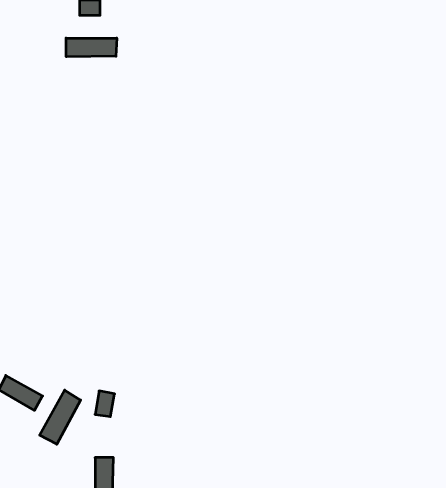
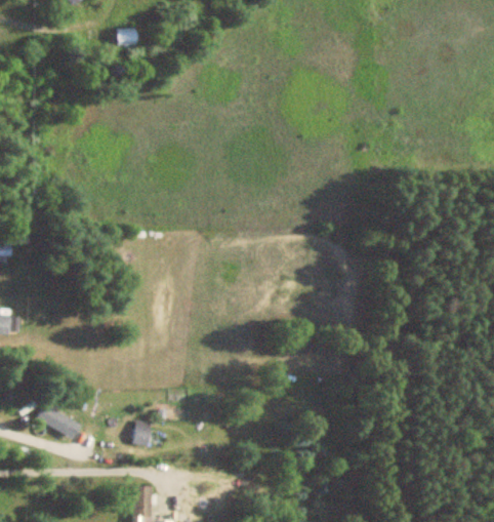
building: [66,38,117,57] -> none
building: [40,390,81,444] -> none

